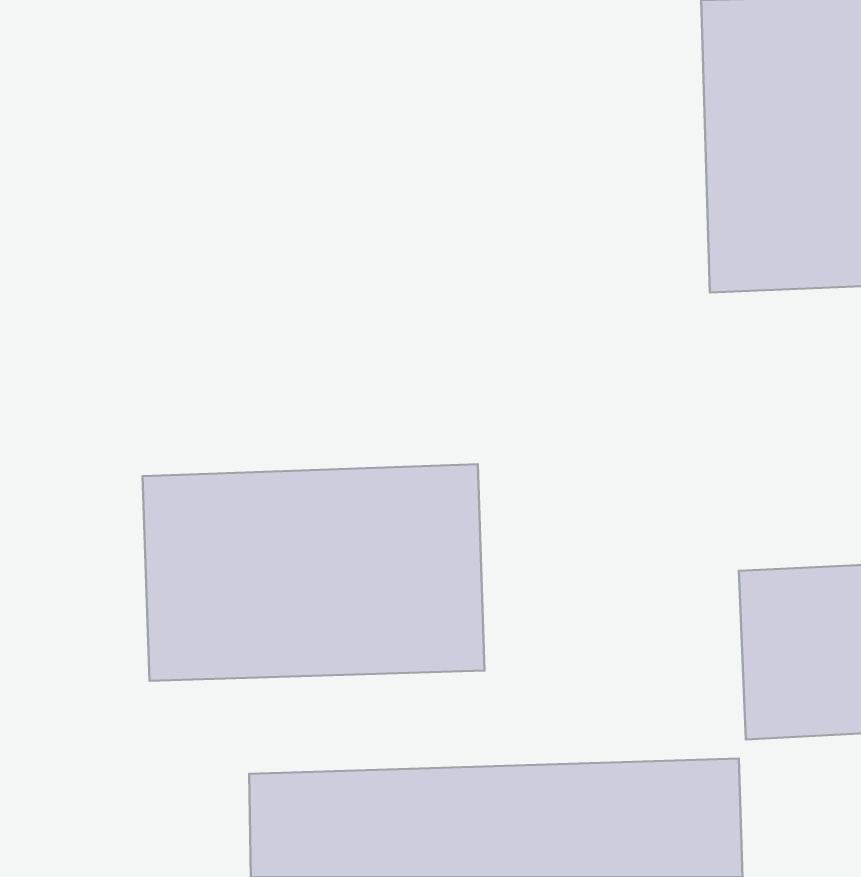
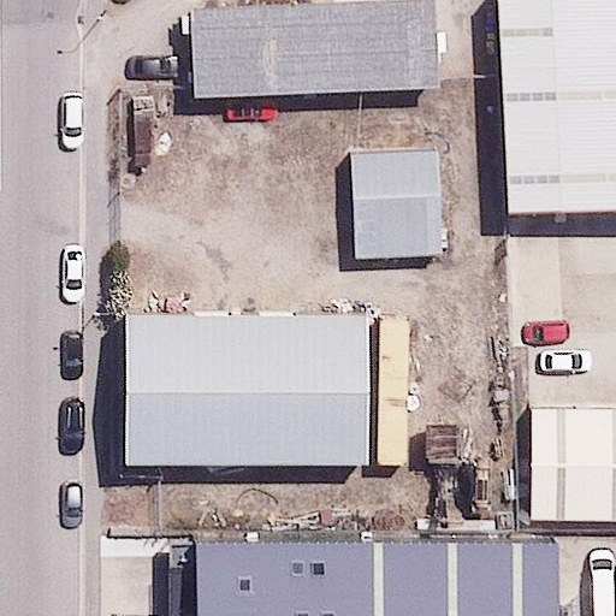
building: none -> [185,12,414,96]
building: none -> [361,137,450,256]

